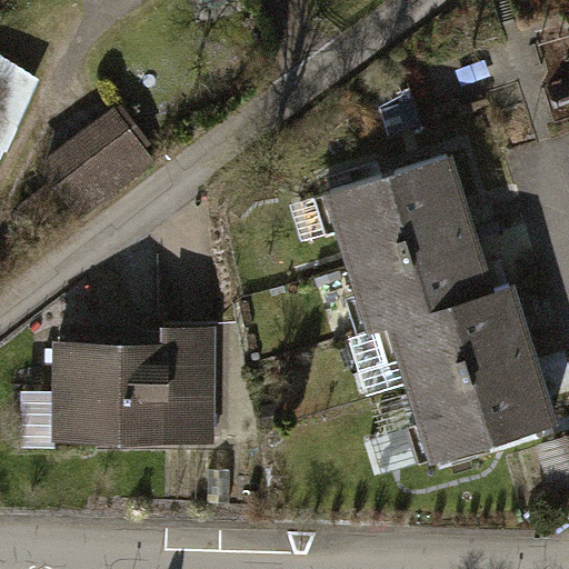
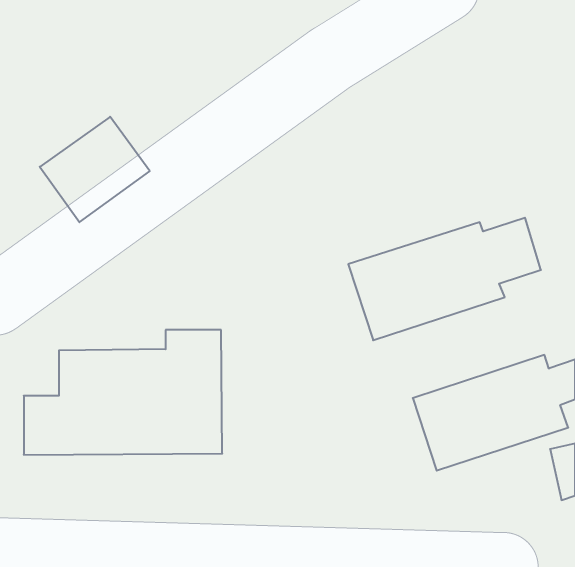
building: [295,153,470,259] -> none
building: [348,286,533,401] -> none

